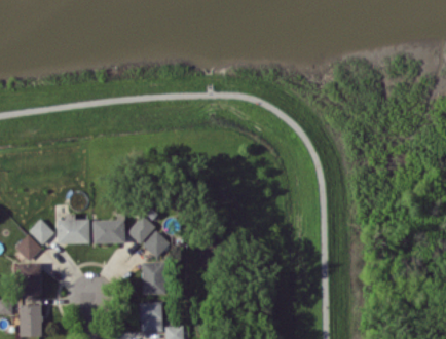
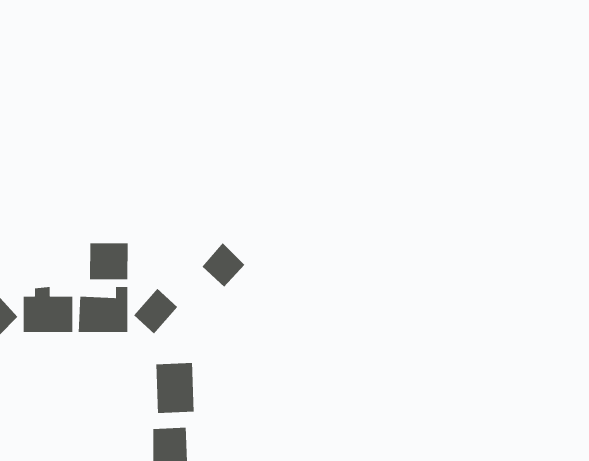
building: none -> [89,242,128,280]
building: [143,230,171,259] -> [201,242,245,287]

